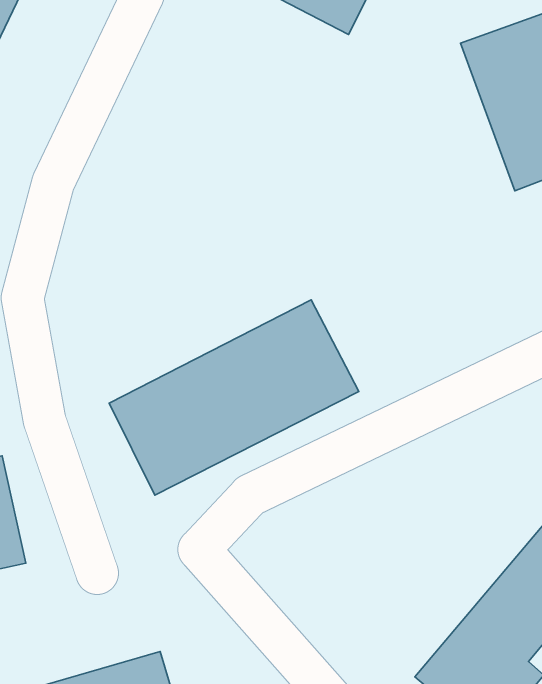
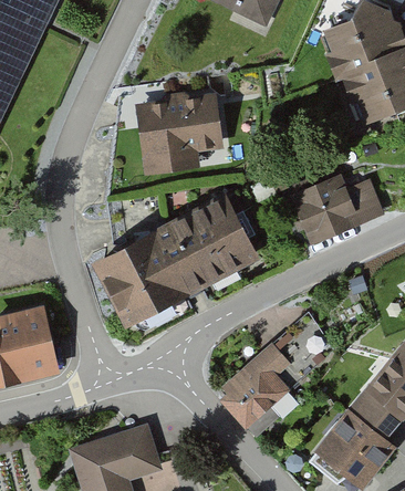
building: none -> [145,94,228,174]
building: none -> [299,171,378,242]
building: none -> [224,330,321,430]

